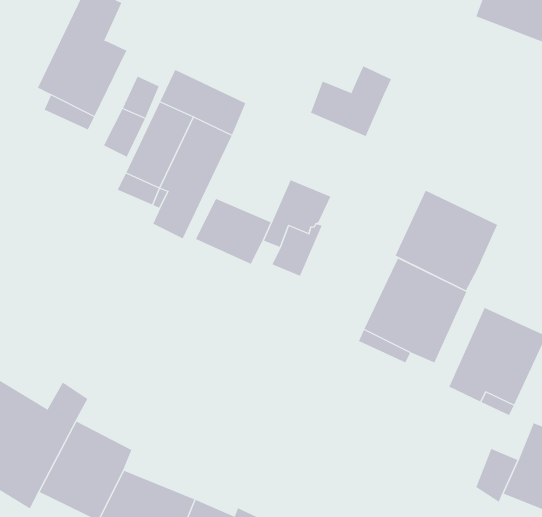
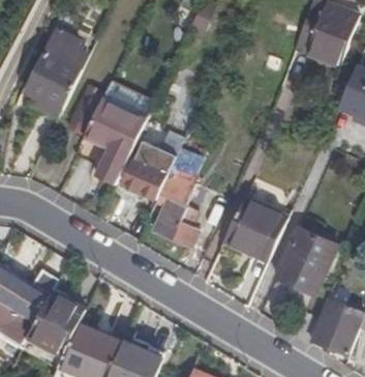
building: [310,65,392,137] -> [134,129,184,173]
building: [395,190,498,291] -> none
building: none -> [154,184,199,248]

